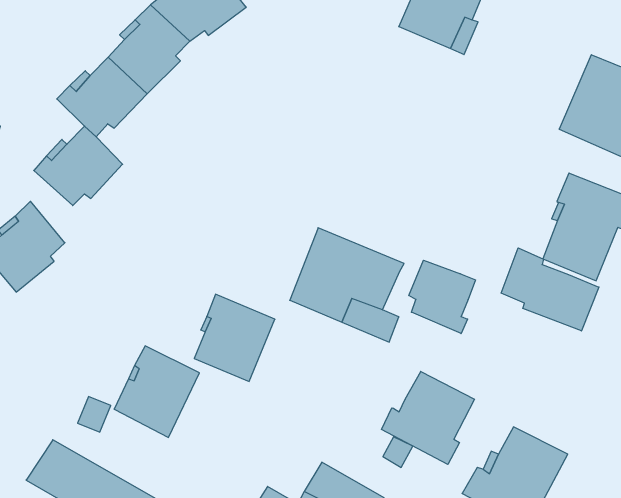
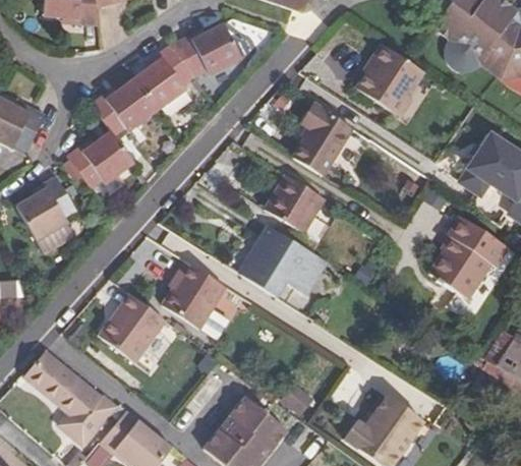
building: none -> [294,105,353,176]
building: none -> [267,175,325,232]
building: [501,248,599,331] -> none
building: [409,260,475,334] -> none
building: [381,371,474,464] -> none

